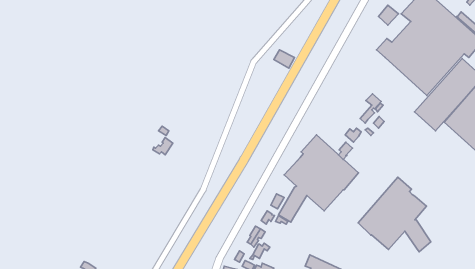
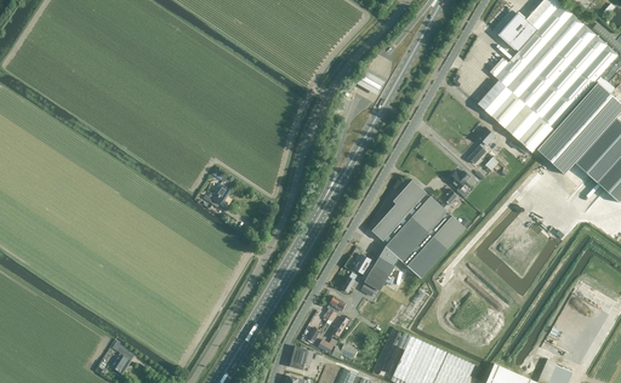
building: none -> [479,81,553,153]
building: [358,177,431,252] -> none

